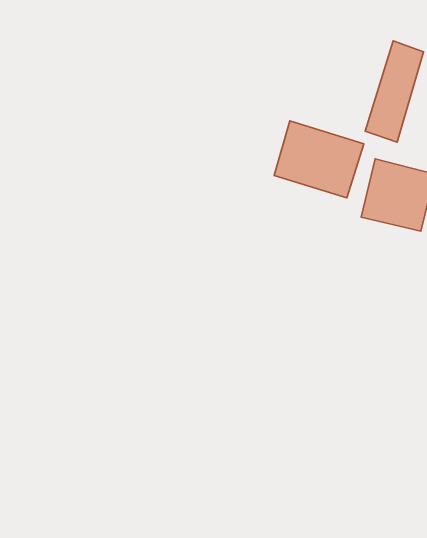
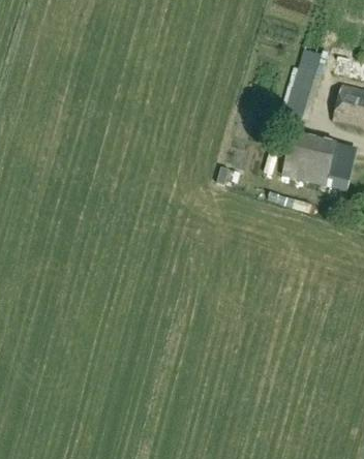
building: [274,121,364,198] -> none

